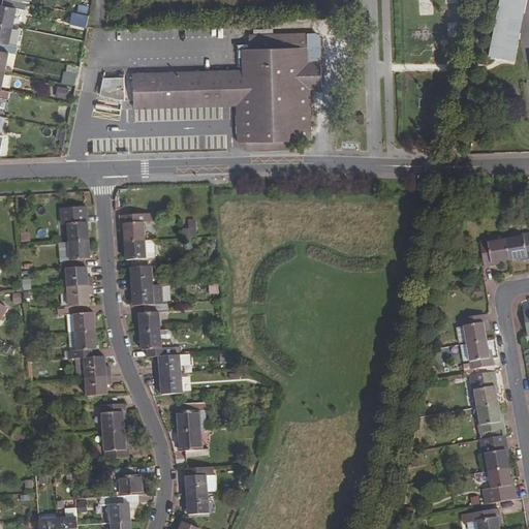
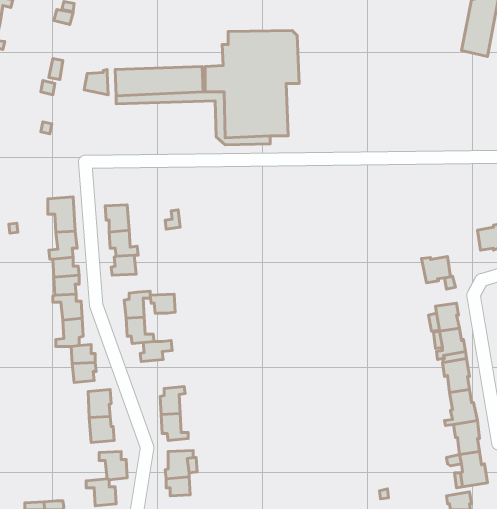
building: [477,239,507,266] -> [421,257,450,283]
building: [127,284,153,304] -> [150,294,175,313]
building: [157,372,181,393] -> none

